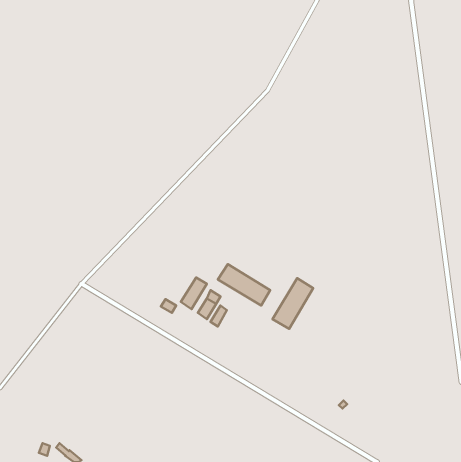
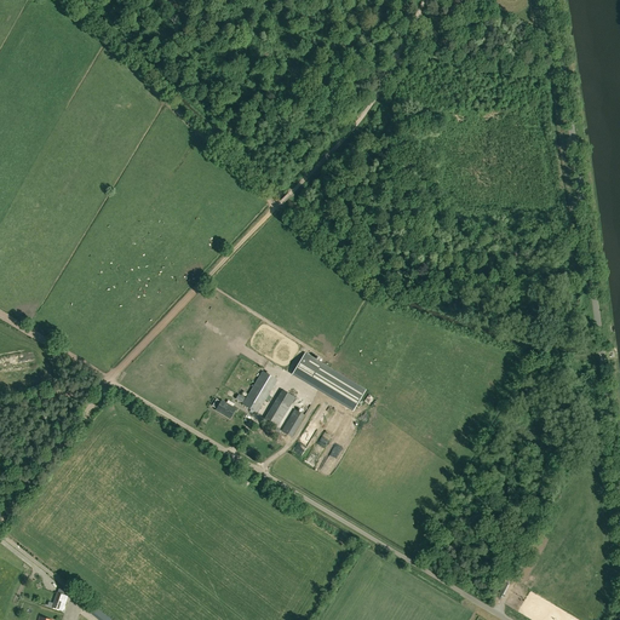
building: [273,278,313,329] -> none

